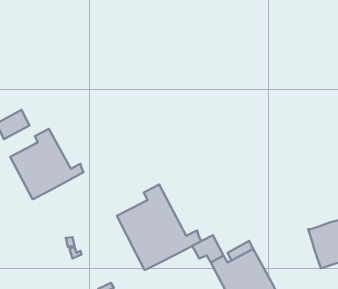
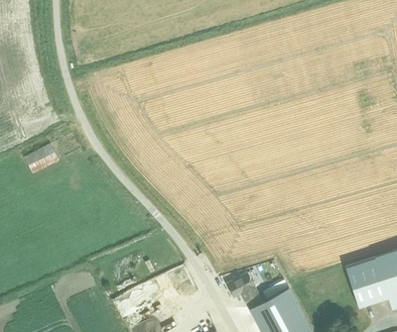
building: [10,129,84,199] -> none
building: [117,185,201,270] -> none

